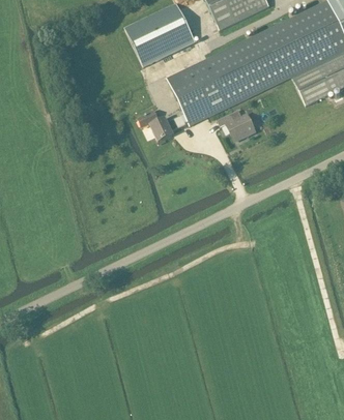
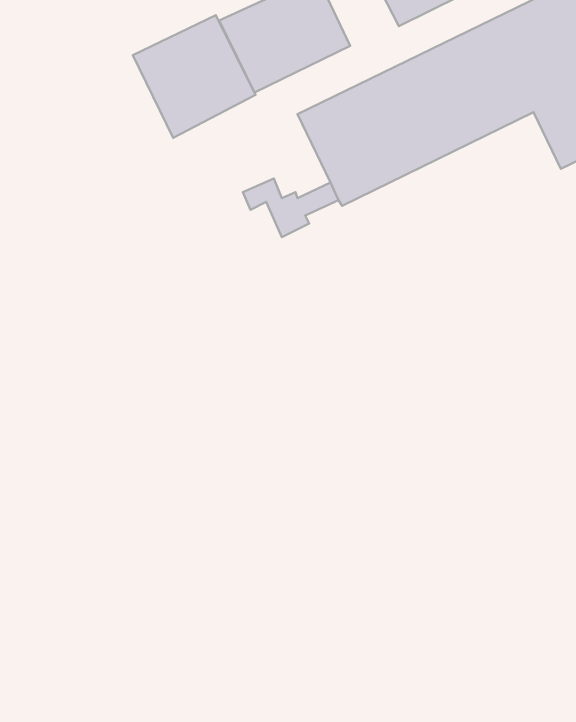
building: none -> [133,15,256,138]
building: [218,113,256,140] -> none

